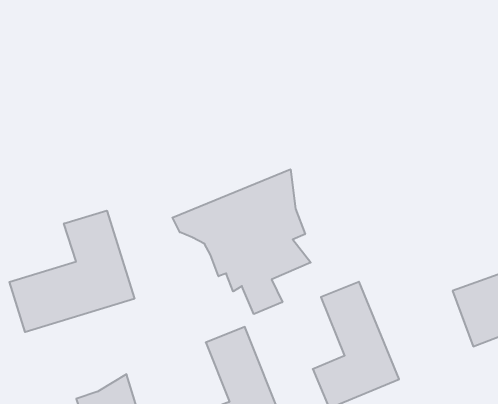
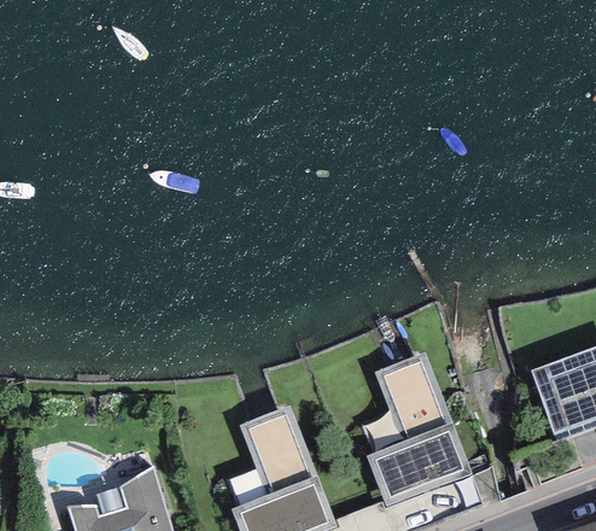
building: [172,169,311,314] -> none
building: [9,211,134,332] -> none

